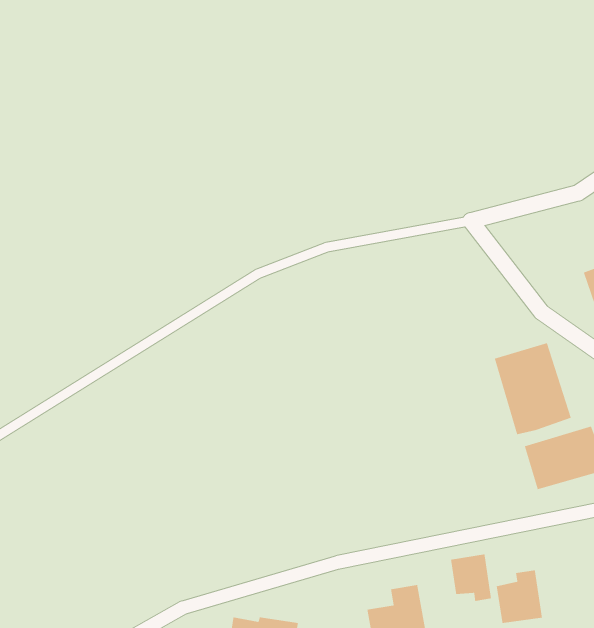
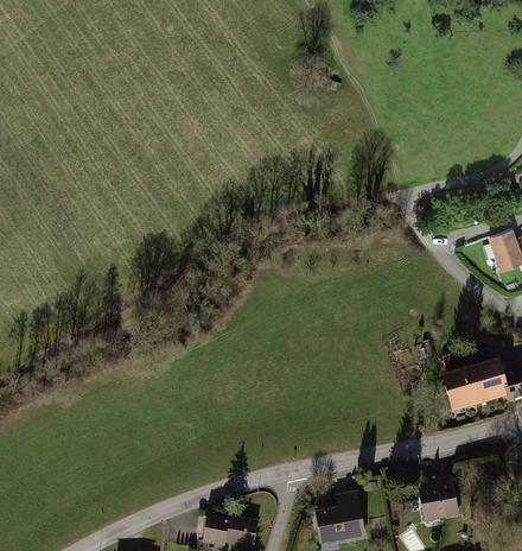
building: [494,342,572,435] -> none
building: [450,554,492,602] -> none

